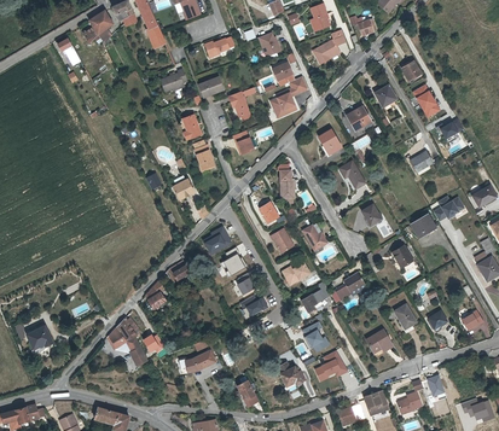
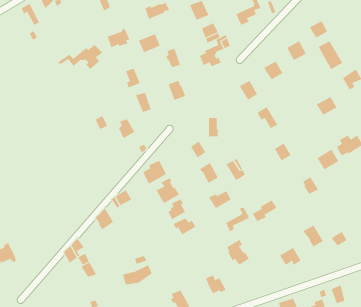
building: none -> [57,44,103,70]
building: [313,349,348,380] -> none

